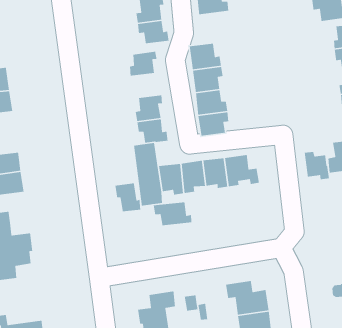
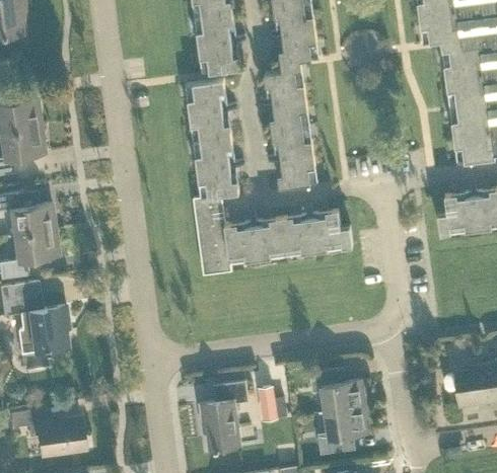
building: none -> [276,31,316,73]
building: none -> [190,109,230,140]
building: [304,151,330,180] -> none
building: [114,182,141,212] -> none
building: [153,201,192,226] -> none

